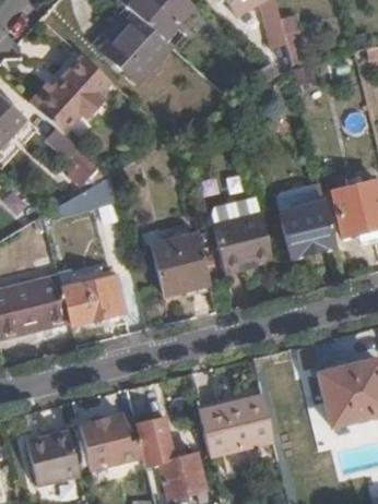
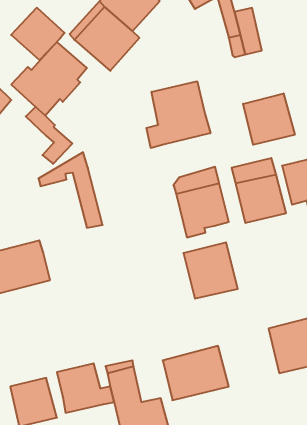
building: none -> [11,8,65,60]
building: none -> [146,81,210,148]
building: none -> [243,93,295,145]
building: [151,232,212,296] -> [183,242,238,299]
building: [64,275,127,325] -> none

